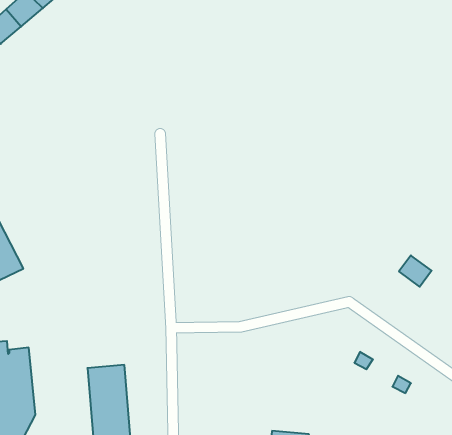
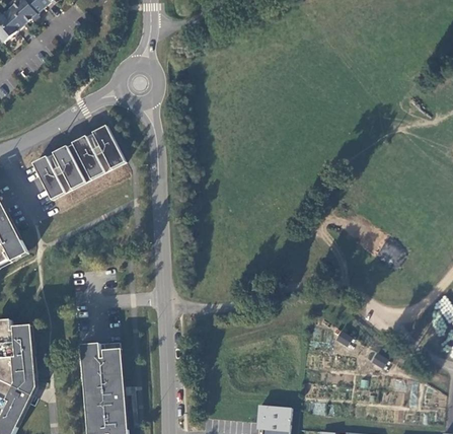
building: none -> [70,125,124,180]
building: none -> [30,145,83,201]

